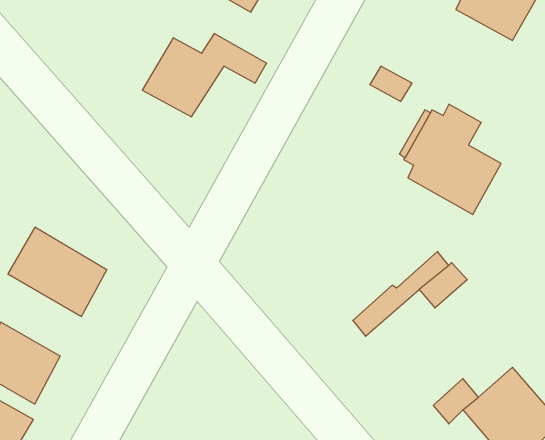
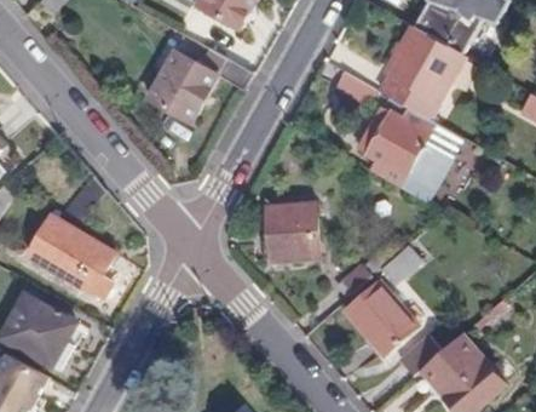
building: none -> [381,27,465,120]
building: none -> [267,204,321,262]
building: none -> [345,279,417,354]

